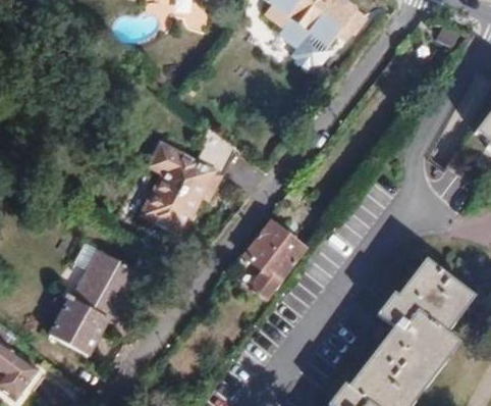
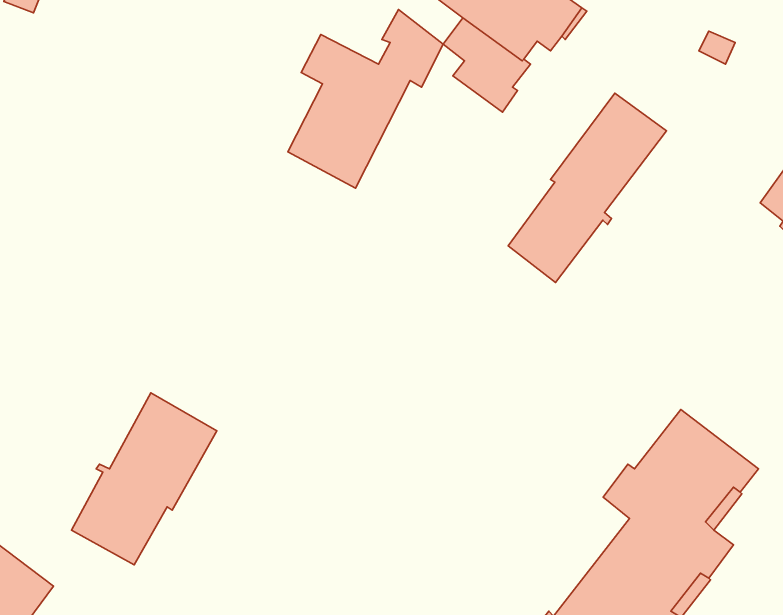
building: none -> [508,93,666,282]
building: [140,125,235,236] -> [288,10,443,188]
building: [241,219,307,299] -> none

